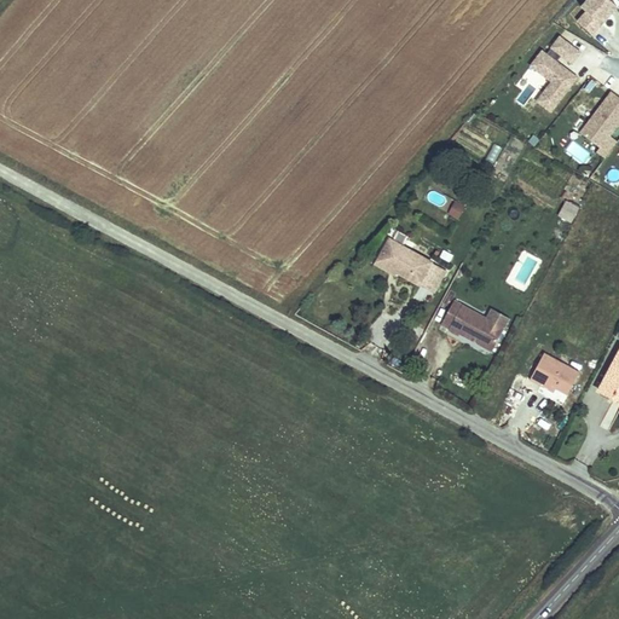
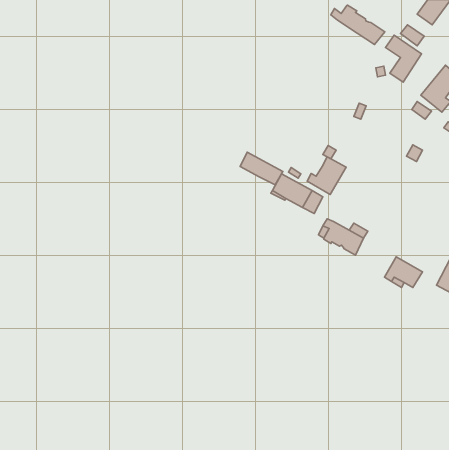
building: none -> [331,5,385,45]
building: none -> [240,152,283,185]
building: none -> [307,157,346,194]

